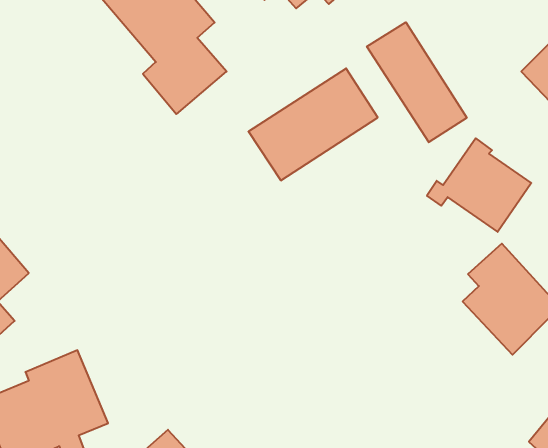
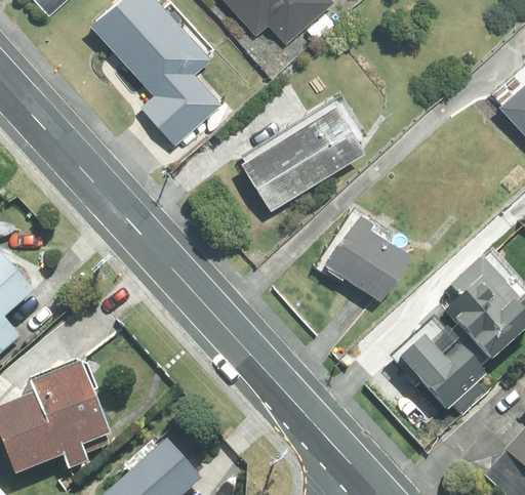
building: [367,22,467,142] -> none
building: [427,138,531,232] -> [312,207,410,295]
building: none -> [398,321,488,411]

